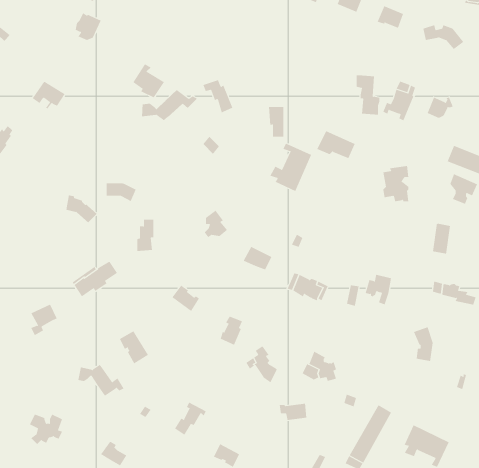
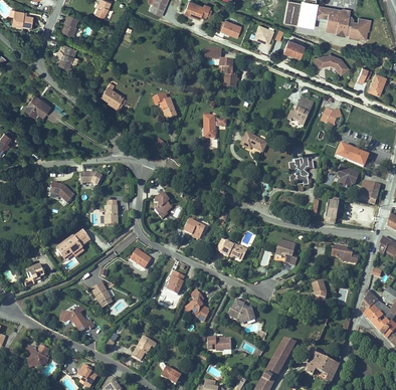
building: [356,75,380,115] -> [218,57,236,87]
building: [142,89,198,121] -> none
building: [270,143,312,192] -> none

